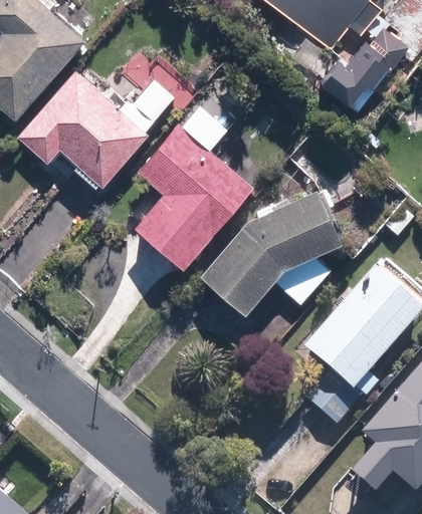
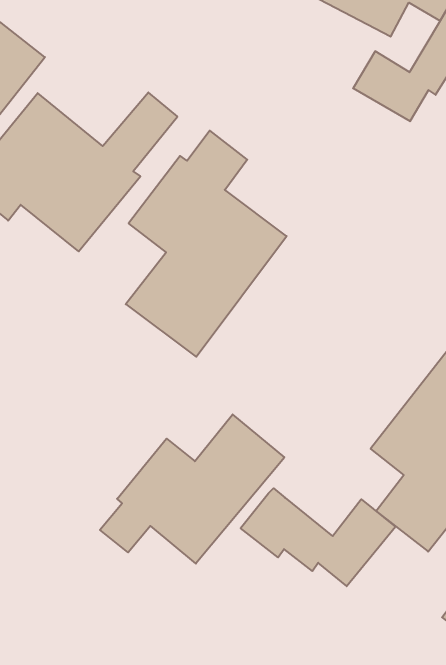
building: [198,190,339,317] -> none
building: none -> [100,414,284,564]
building: none -> [241,488,395,586]

